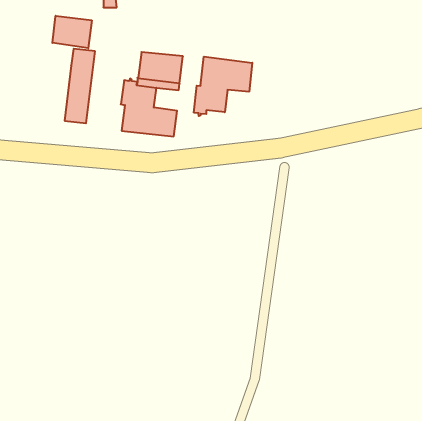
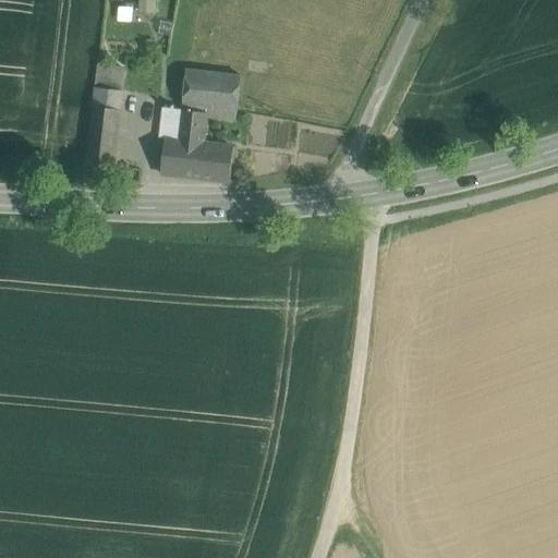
building: [52,16,92,48] -> none
building: [194,57,252,116] -> none

